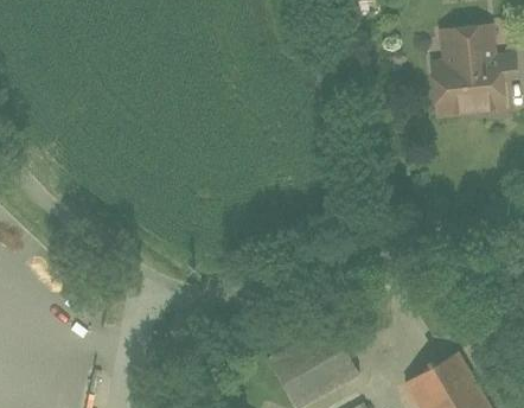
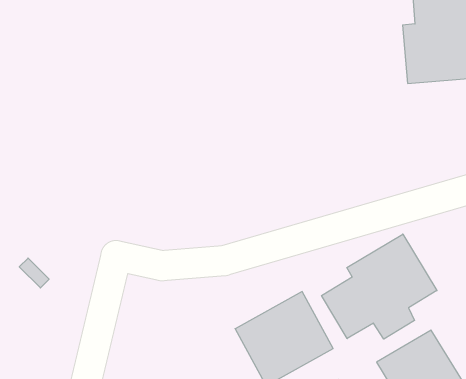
building: none -> [322,234,437,339]

